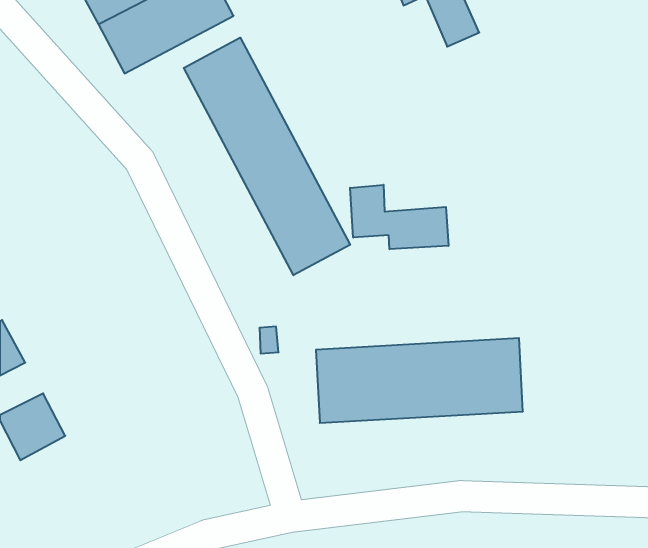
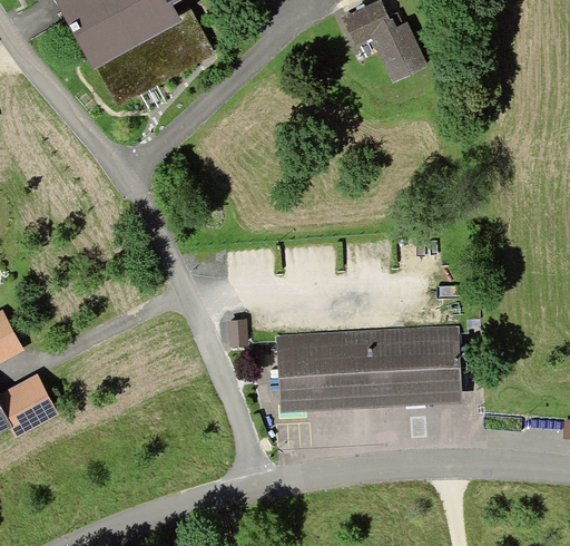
building: [184,38,350,275] -> none
building: [350,185,448,249] -> none

